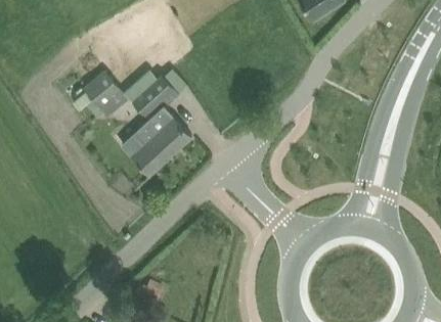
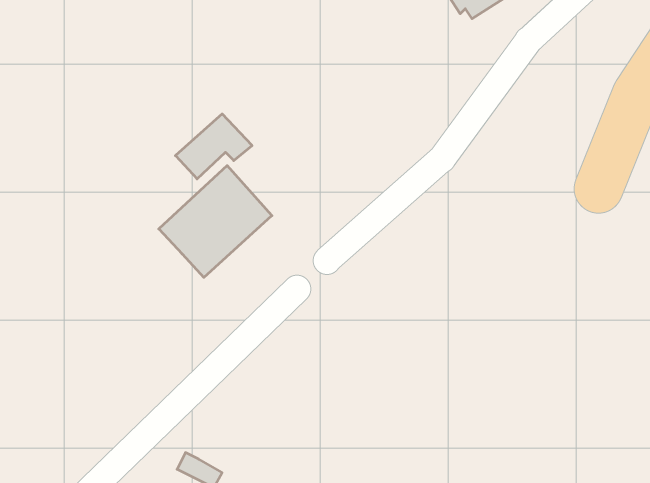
building: [83,72,127,117] -> none

